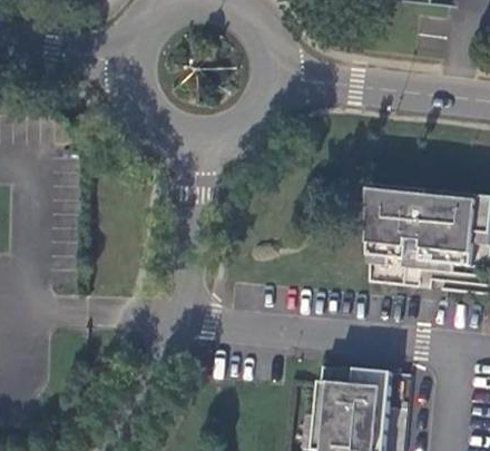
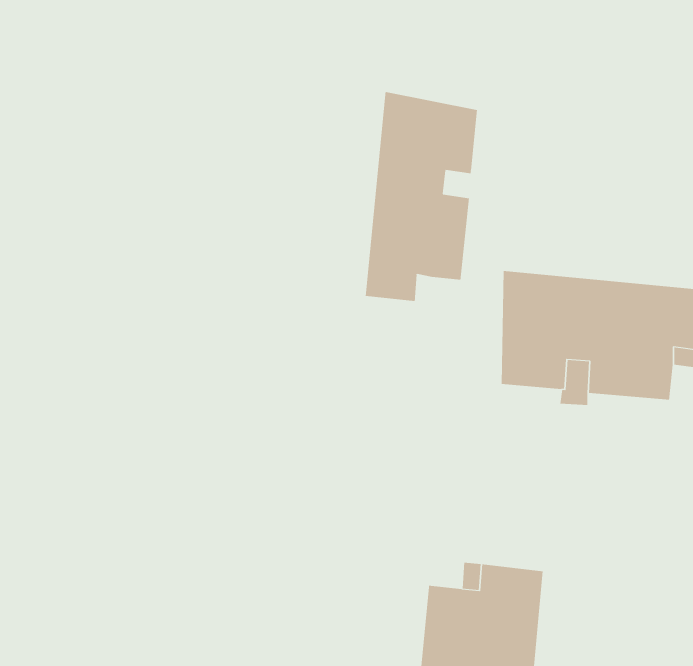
building: none -> [365,91,478,302]

